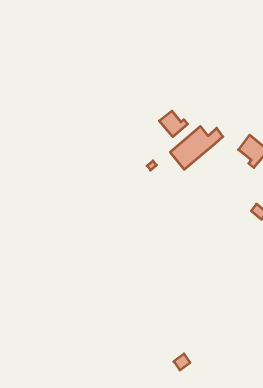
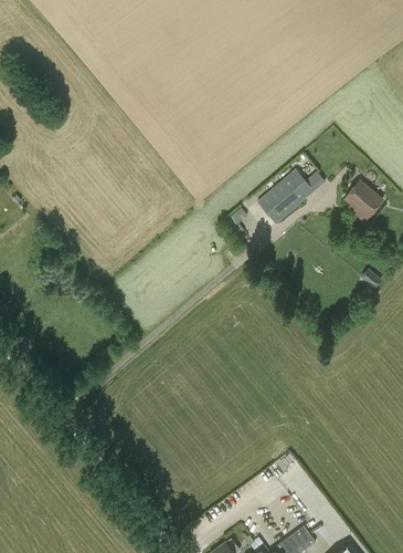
building: [159,111,188,137] -> none

